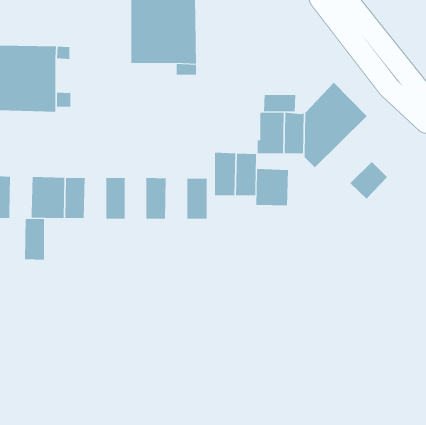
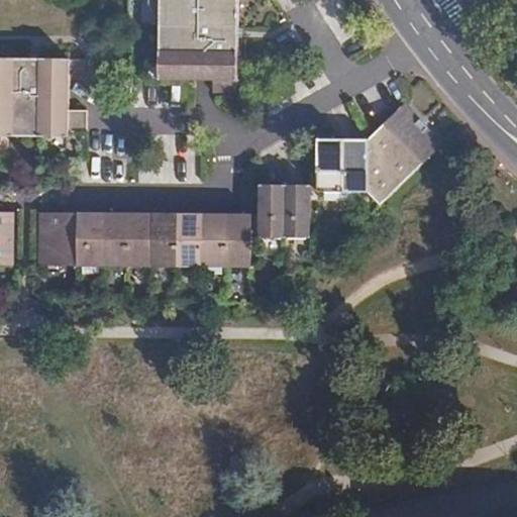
building: [264,94,296,112] -> none
building: [349,161,388,200] -> none
building: [256,168,288,206] -> none
building: none -> [151,214,176,265]
building: none -> [200,215,225,265]
building: [24,218,45,260] -> [102,214,127,265]

